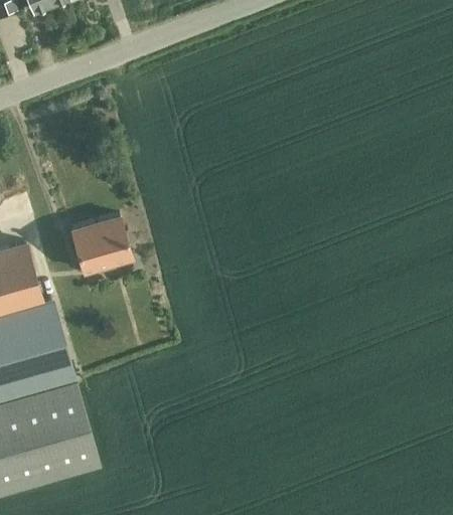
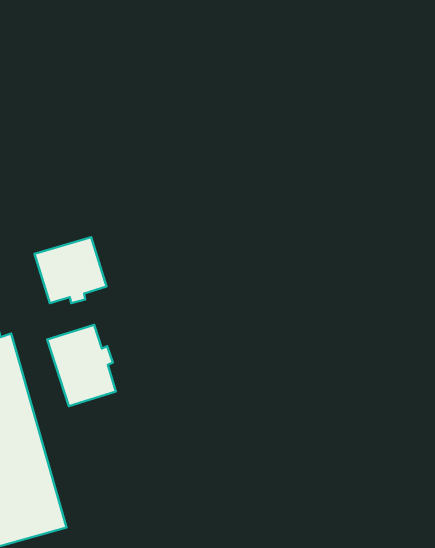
building: none -> [47,325,116,406]

